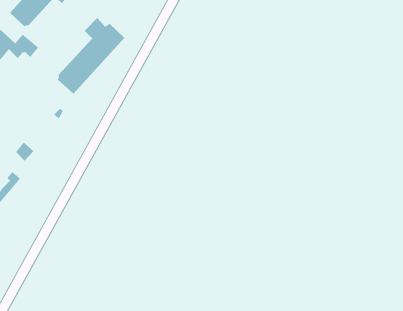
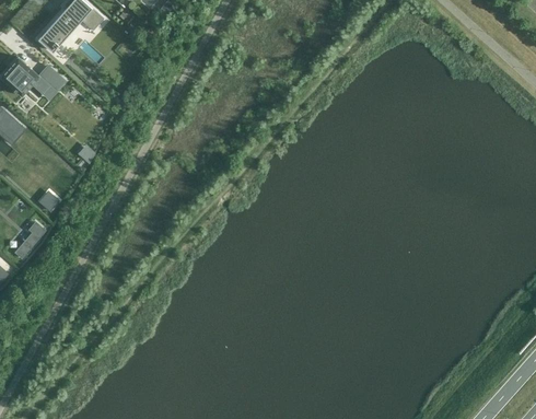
building: [57,17,125,94] -> none

